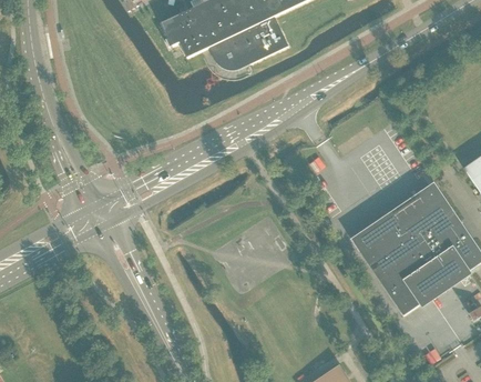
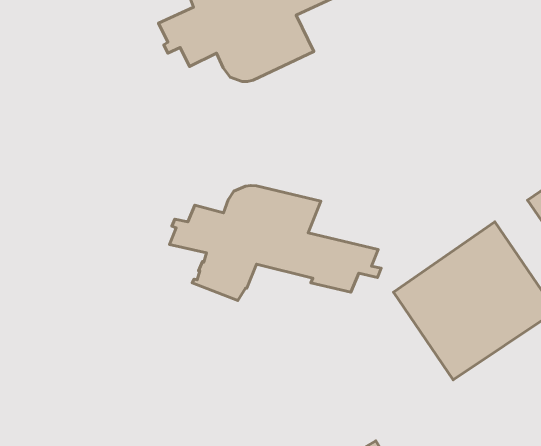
building: none -> [169,186,381,300]

